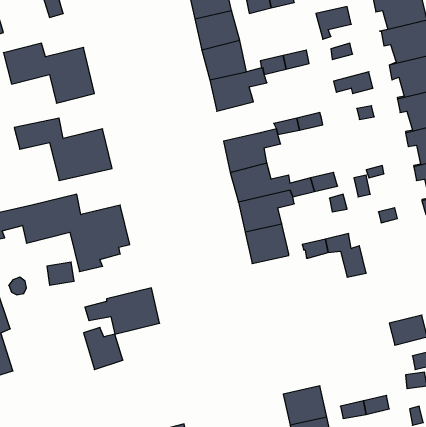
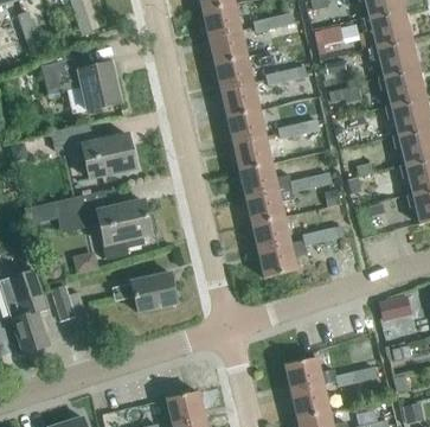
building: none -> [227,109,265,144]
building: none -> [258,243,296,278]
building: [84,327,123,370] -> [52,285,86,321]

